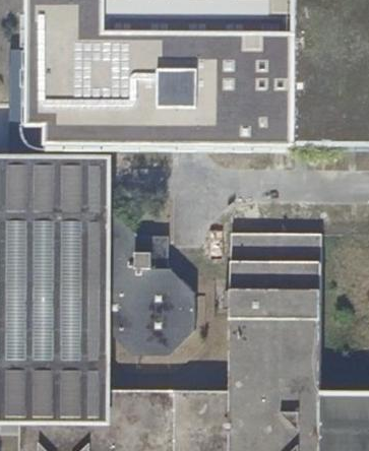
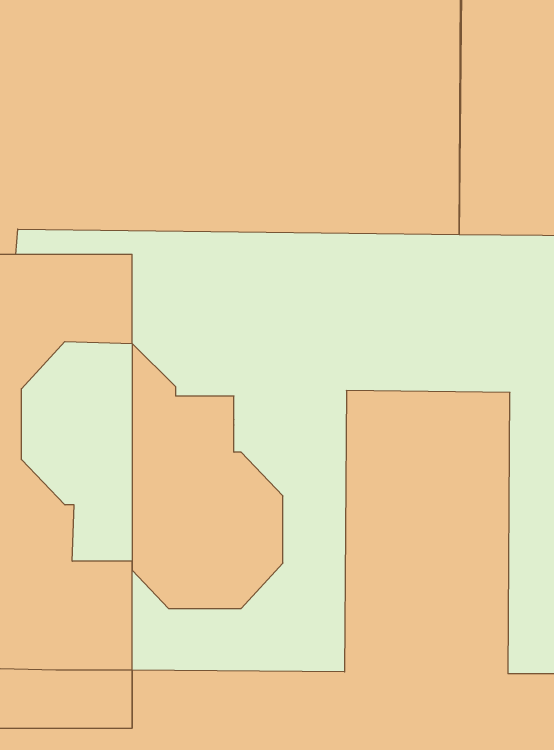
building: [46,205,108,328] -> none

